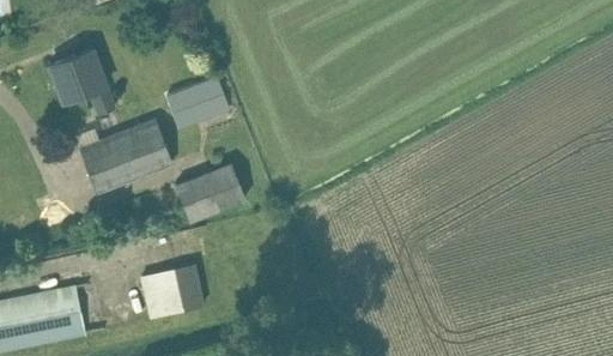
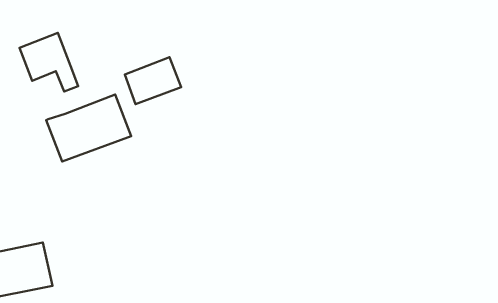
building: [175,163,245,222] -> none
building: [140,263,205,318] -> none

